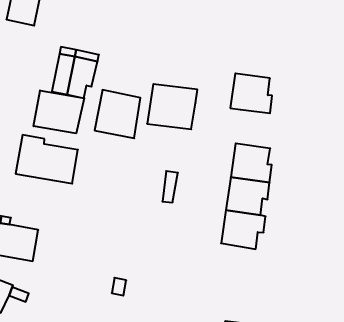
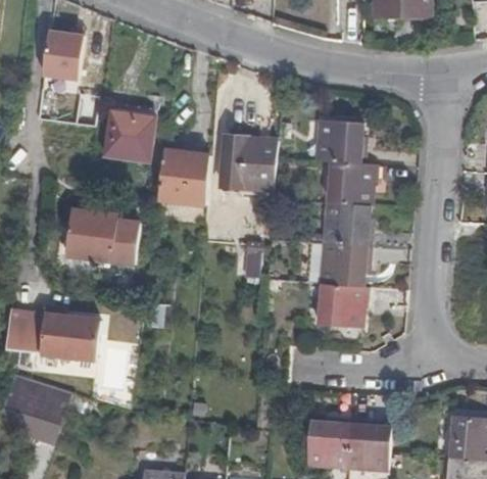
building: [34,90,84,133] -> none
building: none -> [327,162,377,206]

